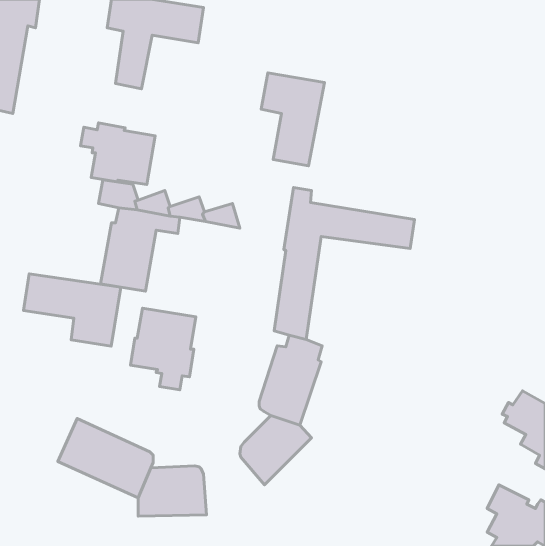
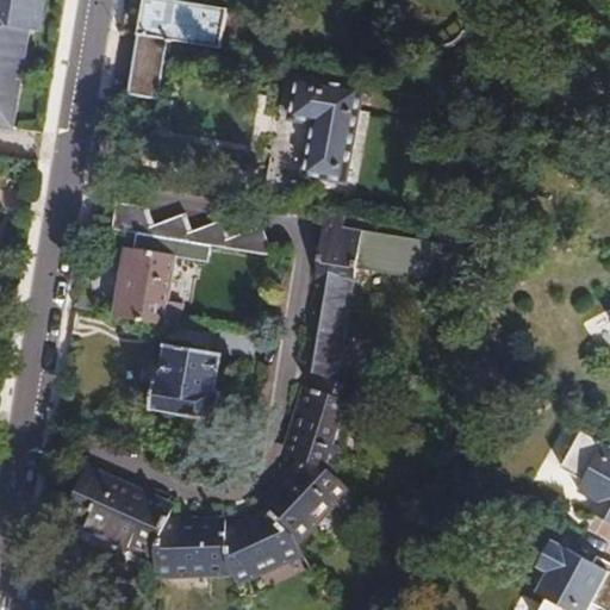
building: [81,123,155,185] -> none
building: [23,274,121,346] -> none
building: none -> [226,509,298,583]

